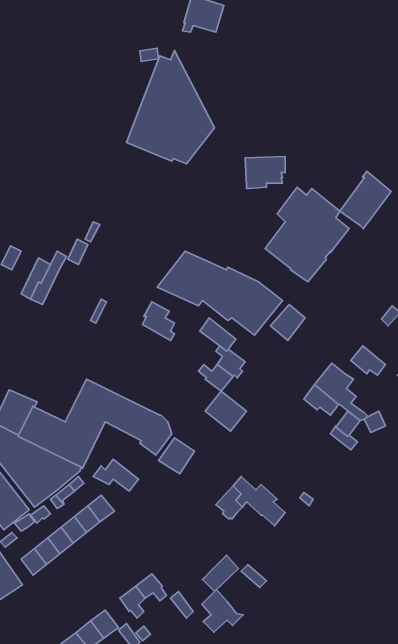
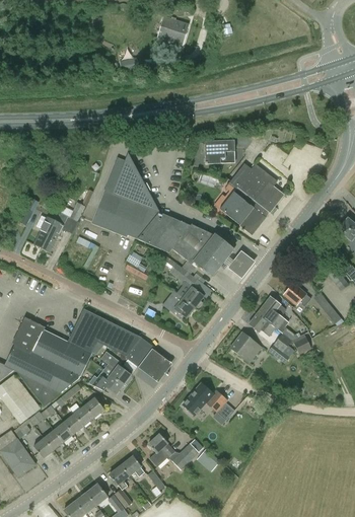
building: [127,50,215,164] -> [91,152,158,238]
building: [340,171,391,229] -> none
building: [205,391,247,431] -> [229,331,261,362]
building: none -> [100,351,130,384]
building: [202,590,243,632] -> [148,433,180,465]

